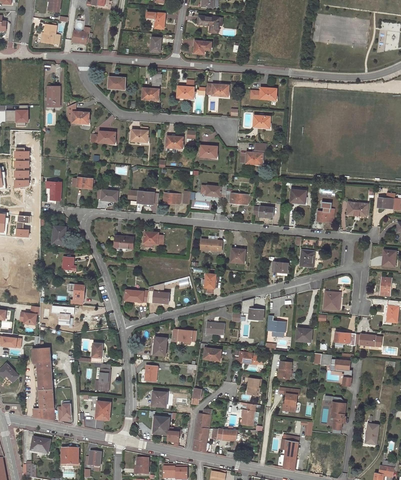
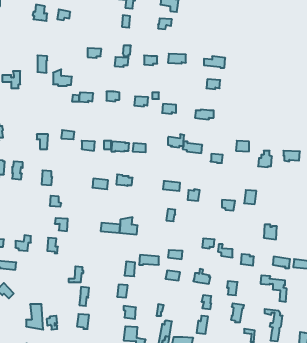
building: [14,148,28,187] -> none
building: [31,348,52,389] -> none

